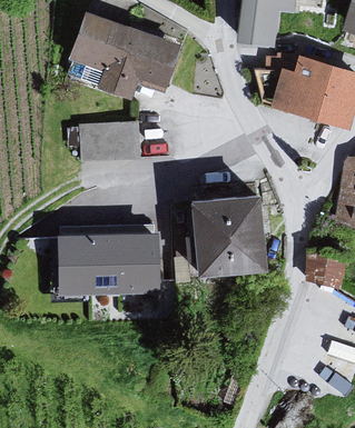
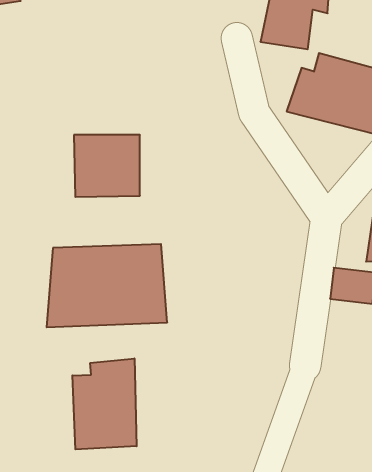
building: [69,12,183,99] -> none
building: [194,195,270,277] -> none
building: none -> [72,358,137,449]

